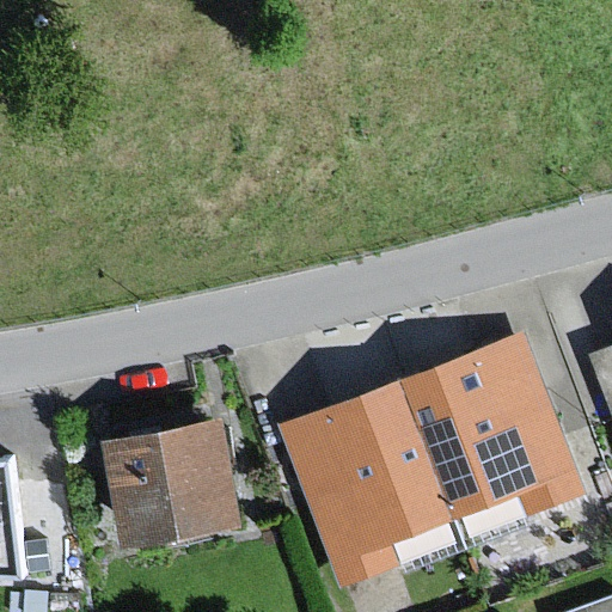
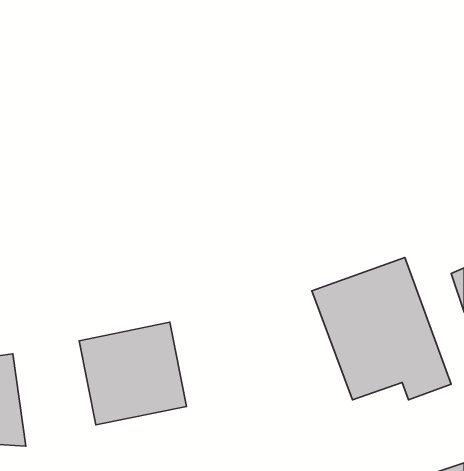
building: [276,378,457,590] -> none

